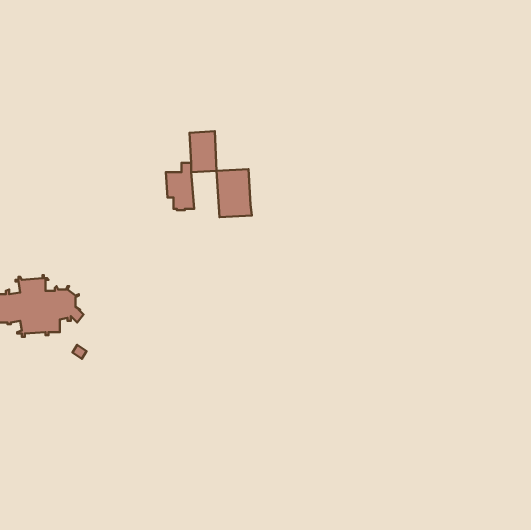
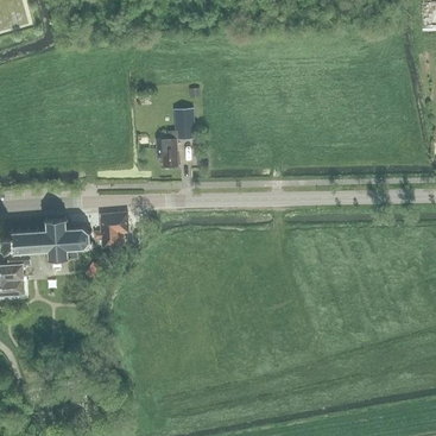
building: [216,169,252,217] -> none
building: none -> [94,213,128,255]

